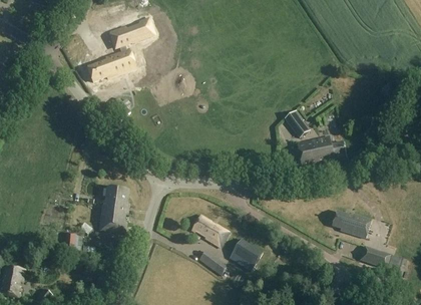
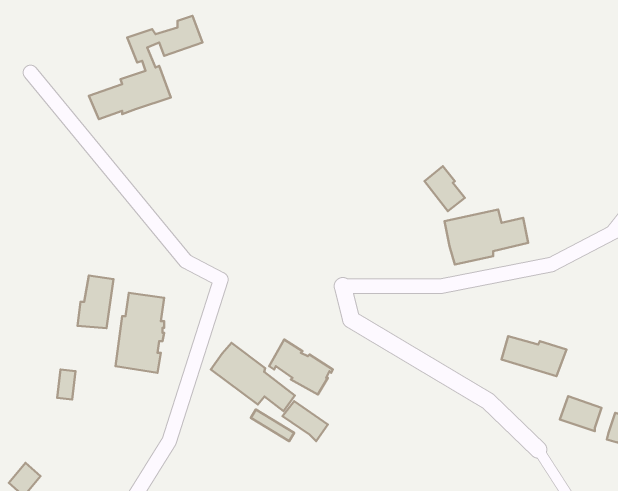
building: none -> [77,275,113,328]
building: none -> [211,343,295,411]
building: [230,239,263,271] -> none

